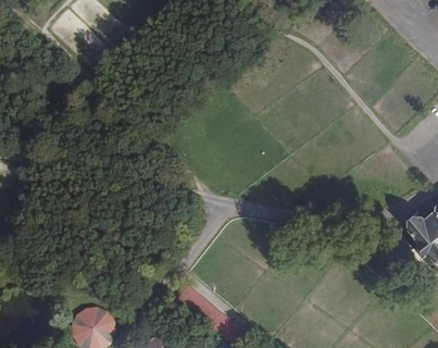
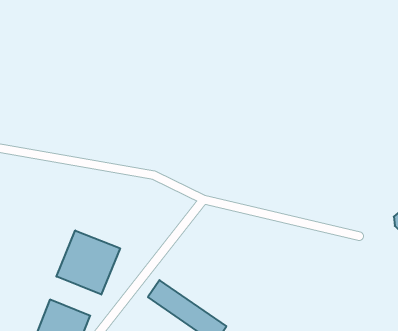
building: none -> [56,230,120,295]

